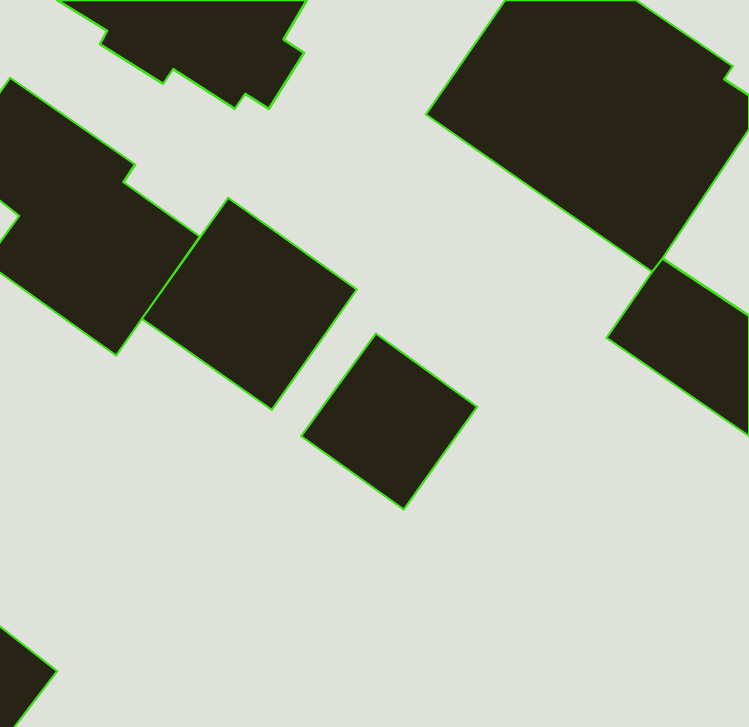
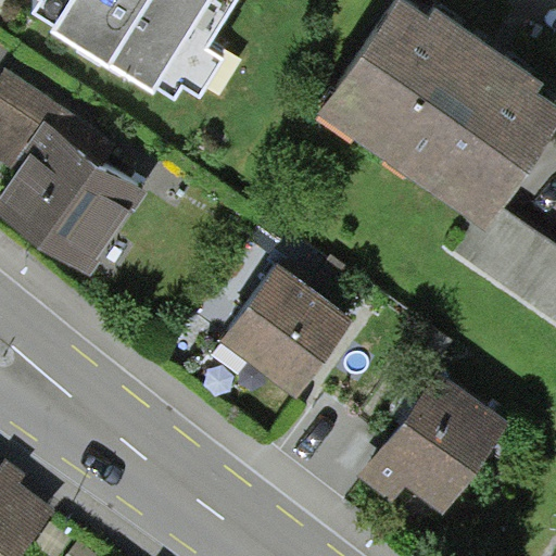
building: [142,198,357,410] -> none
building: none -> [354,367,509,511]

